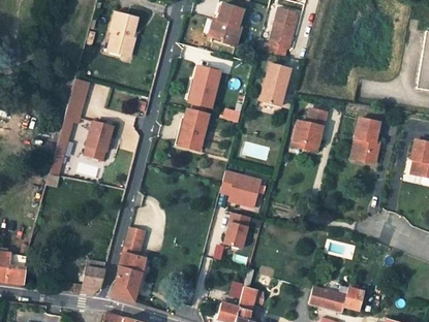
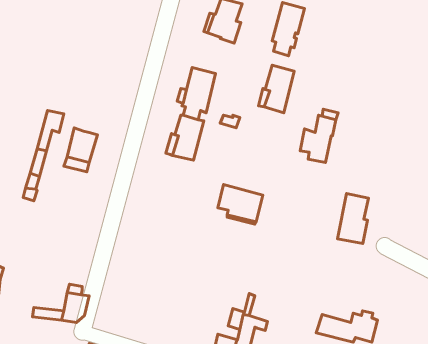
building: [109,10,139,53] -> none
building: [69,78,91,107] -> none
building: [353,118,380,162] -> [337,194,369,243]
building: [225,212,250,247] -> none
building: [113,227,147,301] -> none

